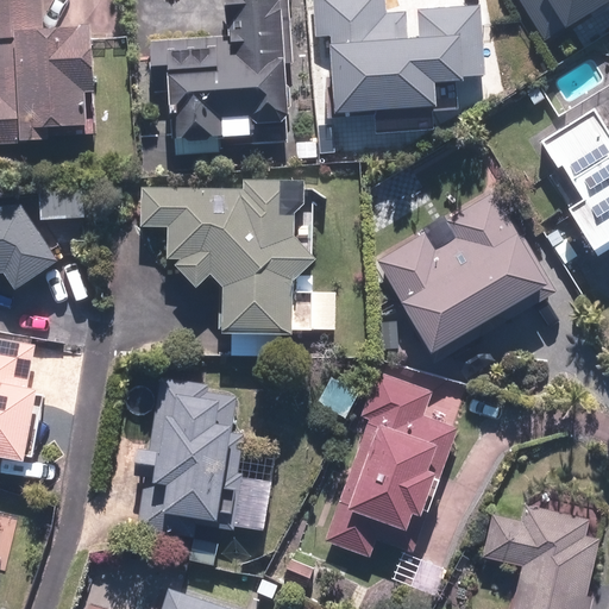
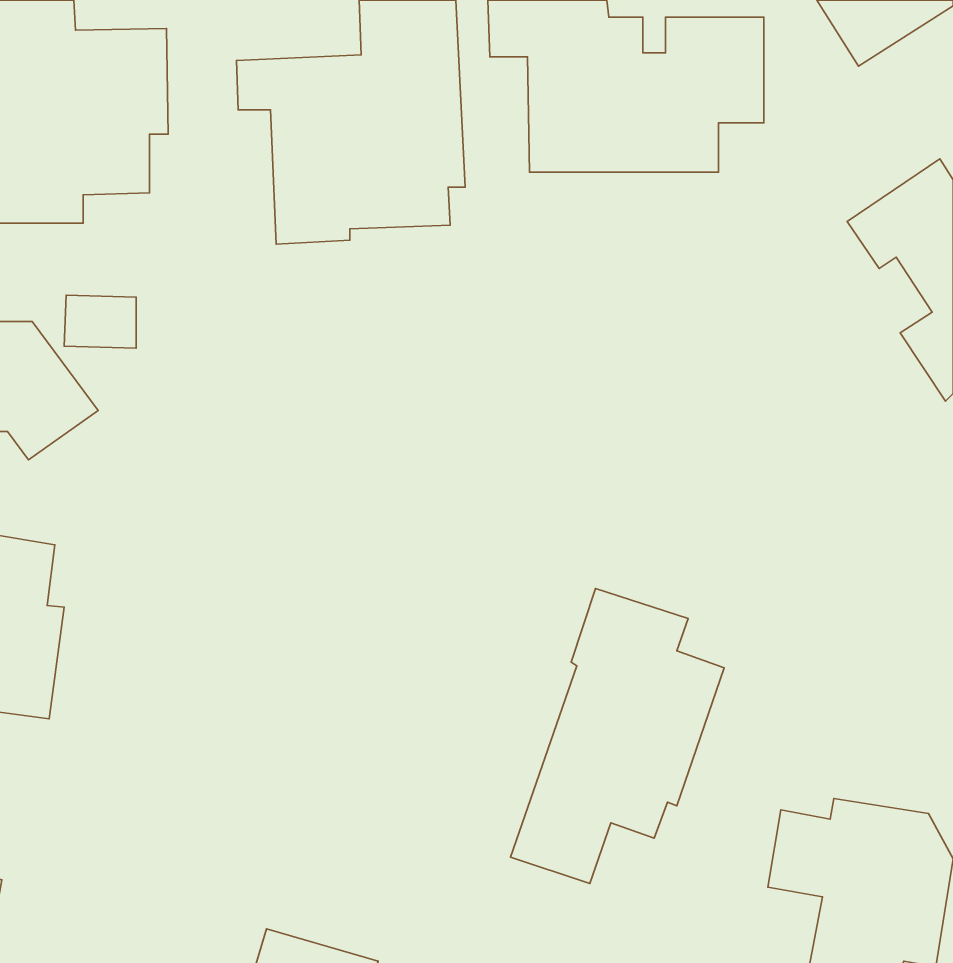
building: [138,176,335,333] -> none
building: [377,187,553,354] -> none
building: [134,376,270,536] -> none

